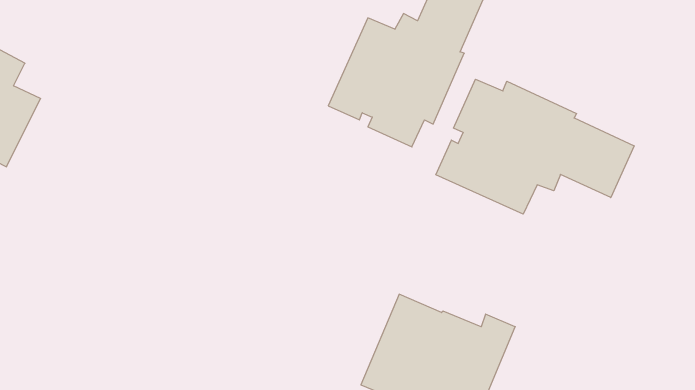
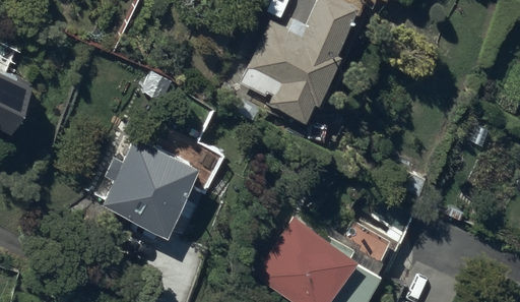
building: [436,79,634,214] -> none
building: none -> [101,137,197,278]

